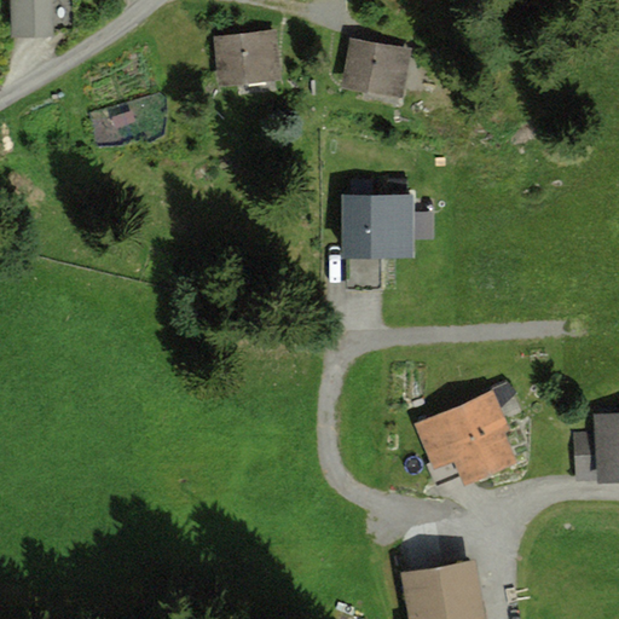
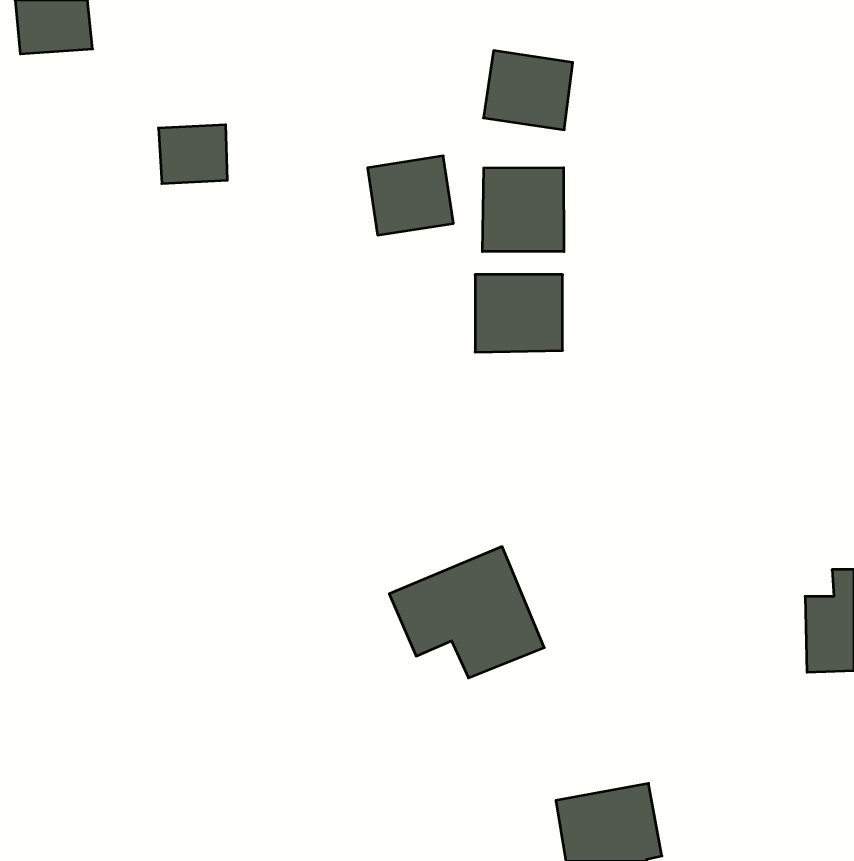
building: [214,29,276,86] -> [368,156,453,235]
building: none -> [482,168,564,252]
building: [418,391,530,485] -> [389,547,544,678]

